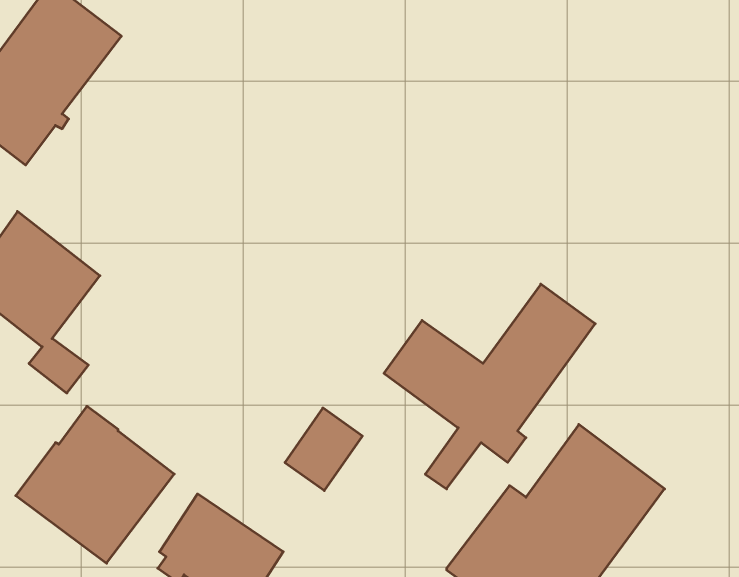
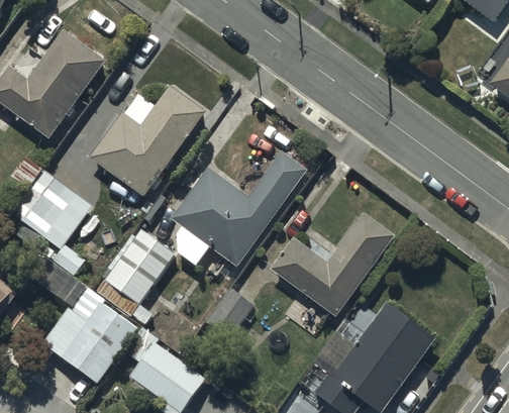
building: none -> [88,84,206,197]
building: none -> [170,149,310,268]
building: none -> [92,230,174,326]

